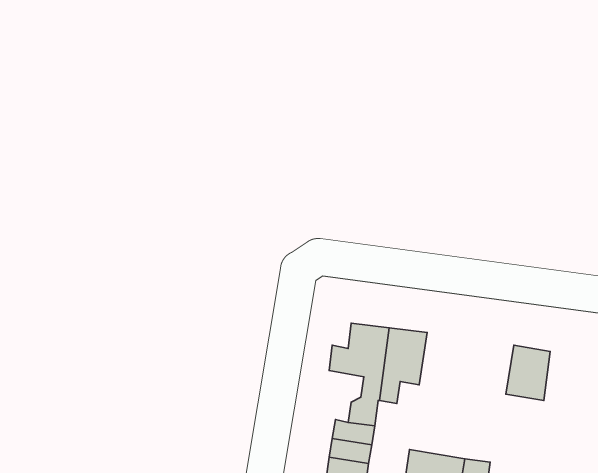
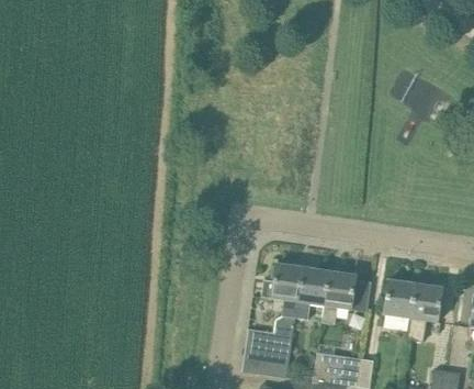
building: none -> [321,269,356,323]
building: none -> [407,282,442,341]

